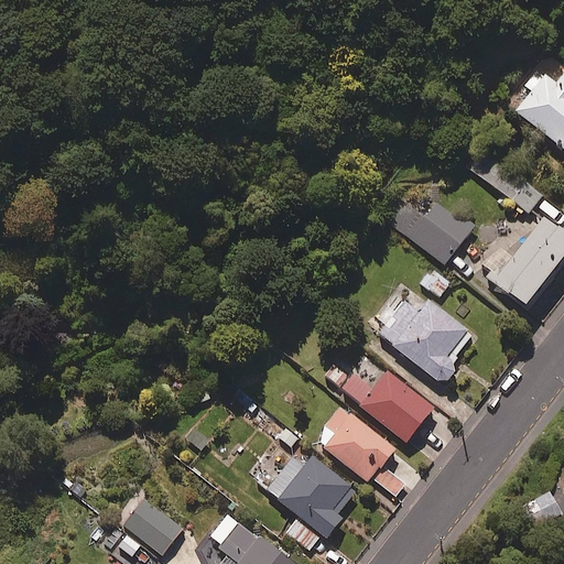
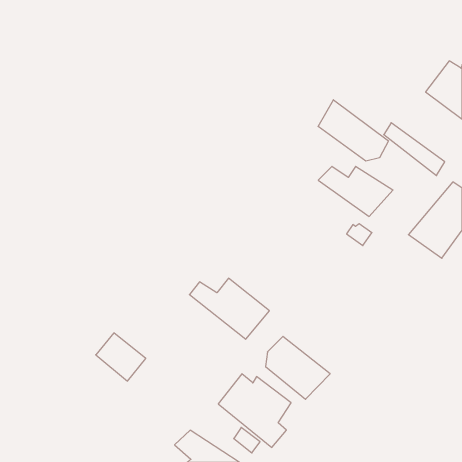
building: none -> [318,100,388,161]
building: [365,280,474,382] -> none
building: [341,371,438,445] -> [189,278,269,339]
building: [119,496,180,554] -> [96,333,146,381]

